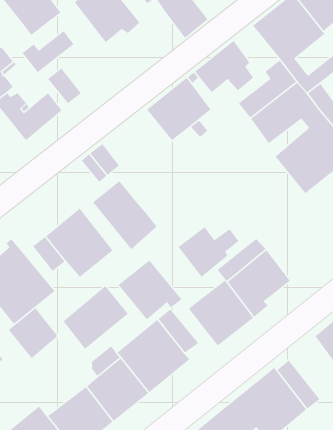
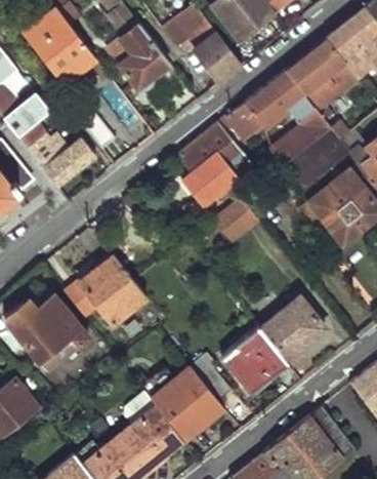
building: none -> [268,72,315,118]
building: [21,30,75,73] -> none
building: none -> [216,200,257,240]
building: [92,180,157,250] -> none
building: [178,226,239,278] -> none
building: [117,259,183,321] -> none
building: [62,285,129,350] -> none
building: [8,307,58,359] -> none

